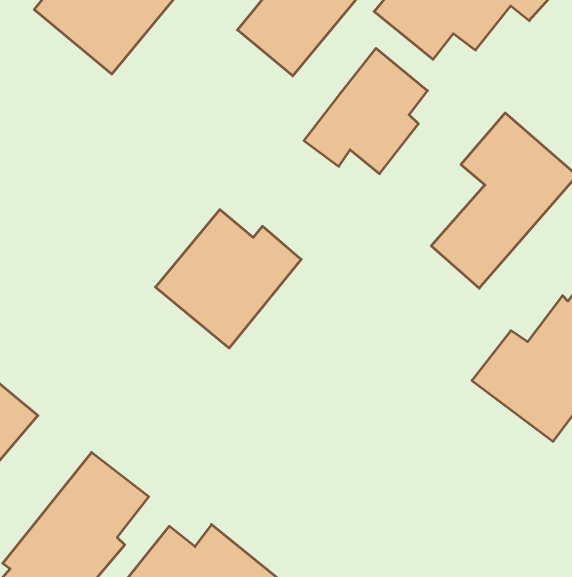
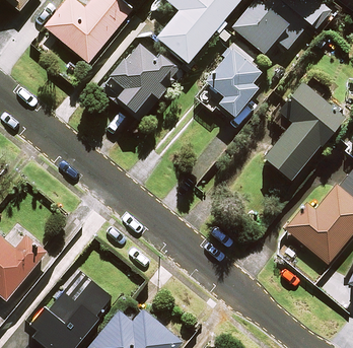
building: [155,210,301,348] -> [102,43,183,119]

